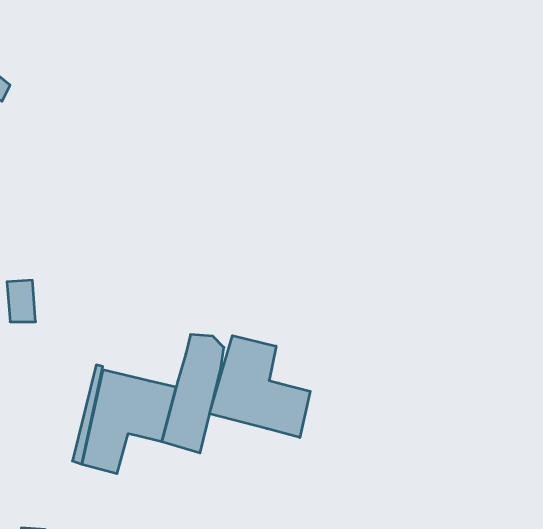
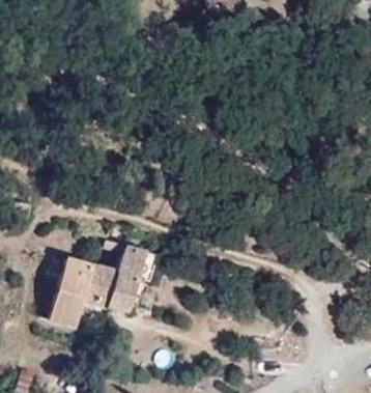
building: [210,336,310,438] -> none

